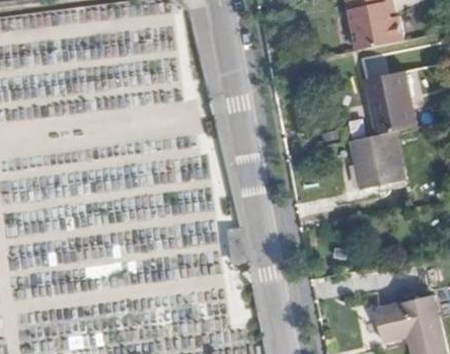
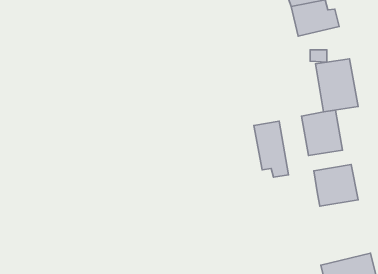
building: none -> [254,121,288,177]
building: none -> [314,165,358,206]

